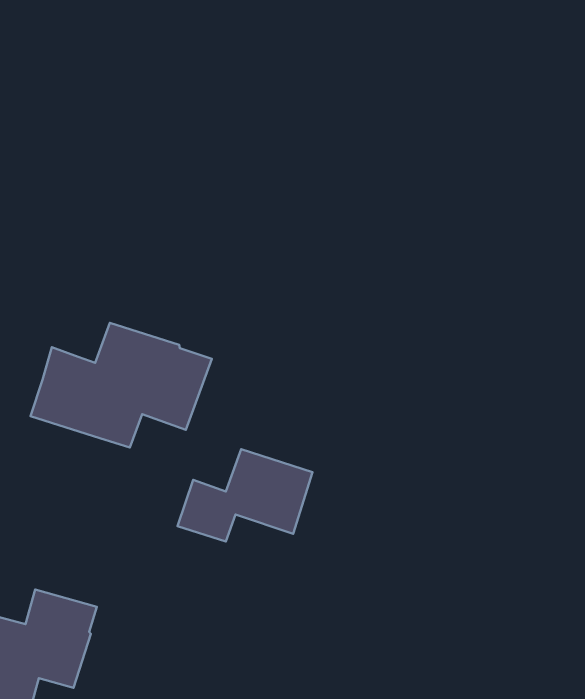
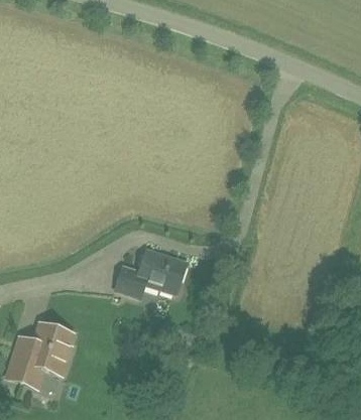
building: [31,323,212,447] -> none

